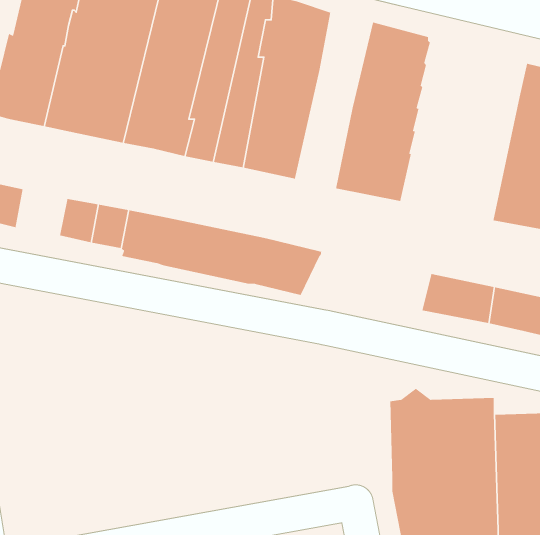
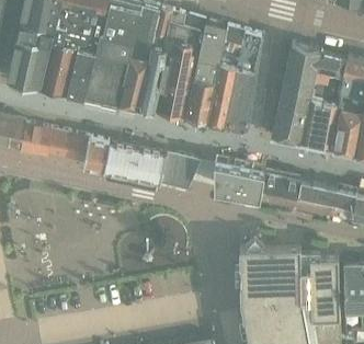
building: none -> [184,21,229,124]
building: none -> [272,44,319,142]
building: none -> [21,124,50,151]
building: none -> [213,162,263,195]

